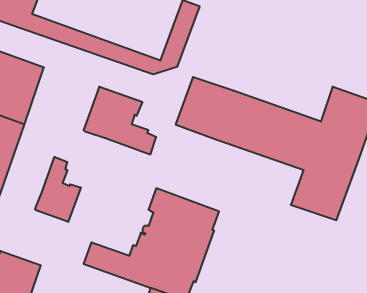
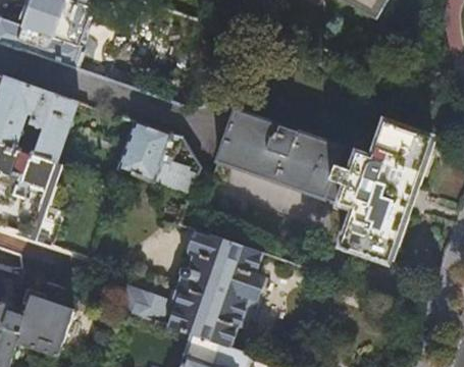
building: [35,157,81,222] -> none

